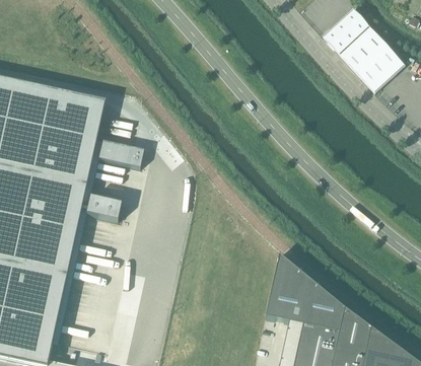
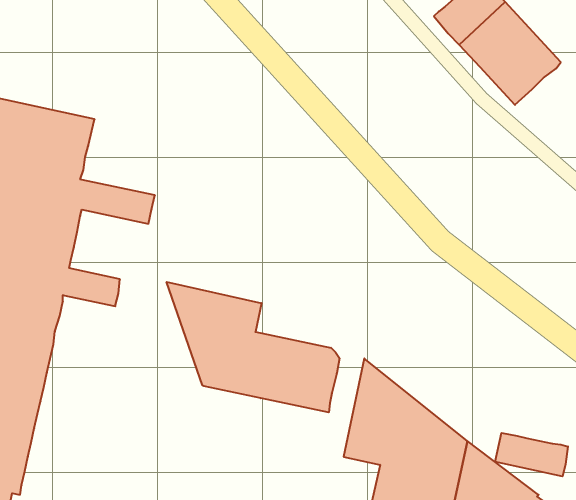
building: none -> [167,282,339,412]
building: none -> [495,433,568,476]

